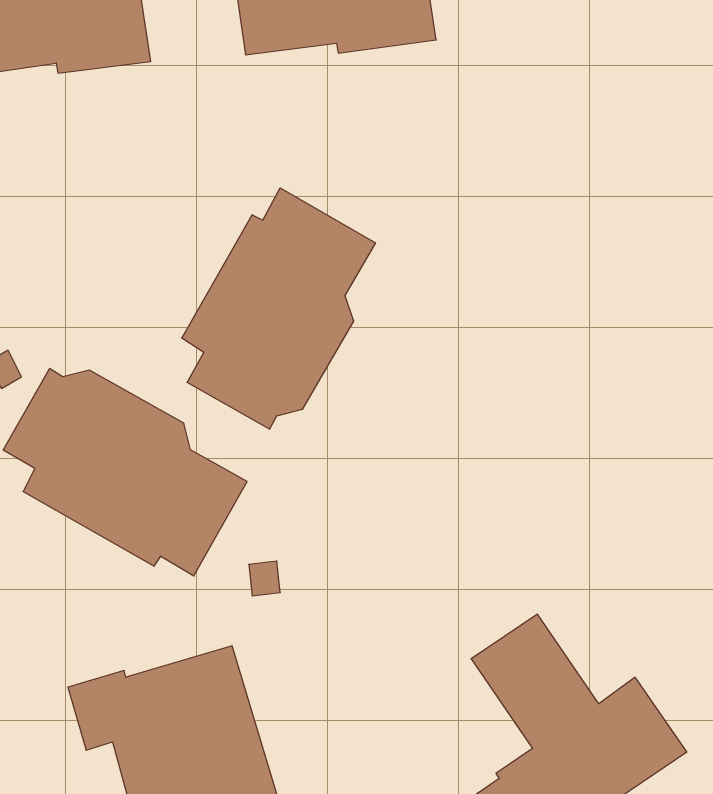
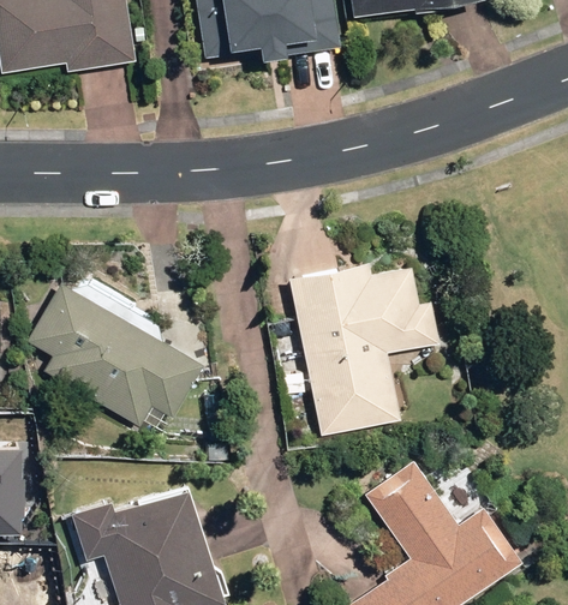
building: [182,188,375,429] -> none
building: none -> [289,263,440,437]

